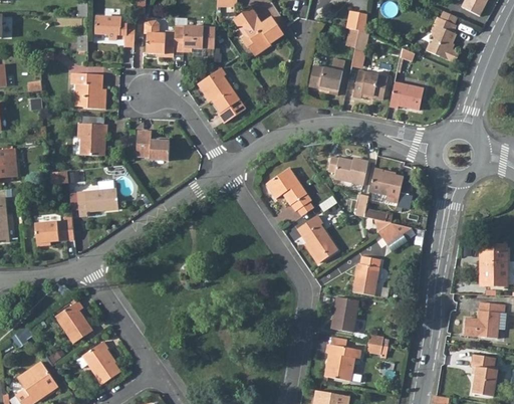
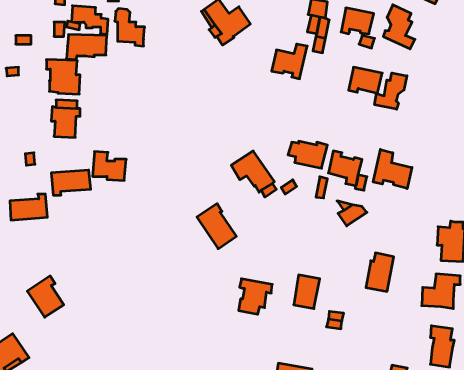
building: [175,27,217,53] -> [66,35,107,60]
building: [198,68,247,125] -> none
building: [353,69,388,96] -> [341,8,374,34]
building: none -> [375,73,407,109]
building: [136,131,171,161] -> [93,152,126,180]
building: none -> [373,149,412,189]
building: [296,216,337,263] -> [197,204,236,249]
building: [351,257,380,297] -> [366,253,394,291]
building: [73,342,116,385] -> none
building: [324,344,359,381] -> [239,279,272,314]

